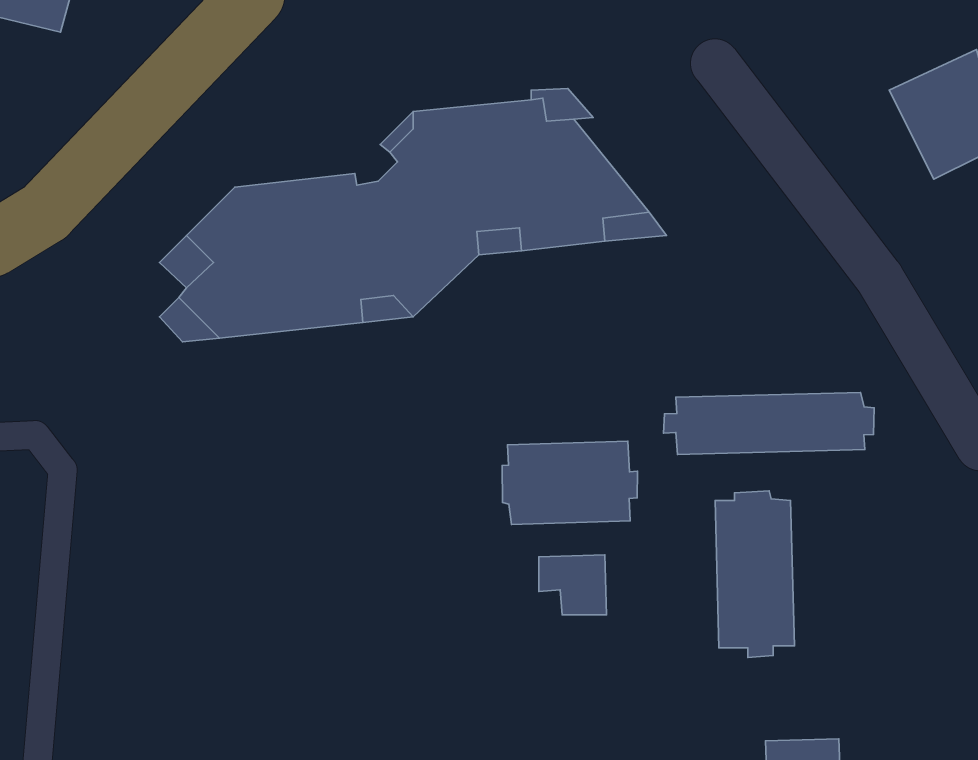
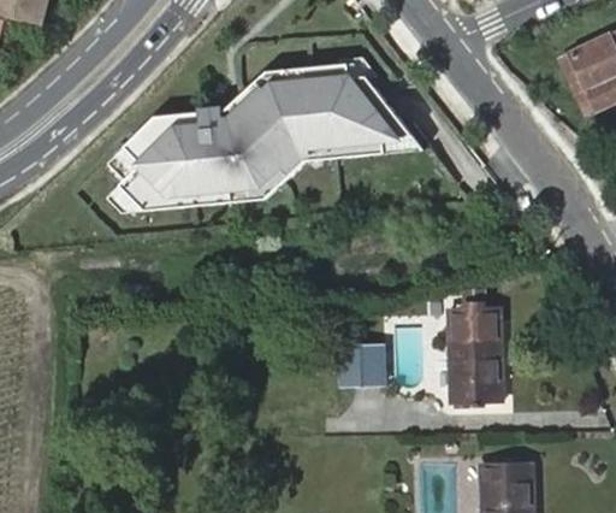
building: [664,392,874,454] -> none
building: [502,441,637,524] -> none

